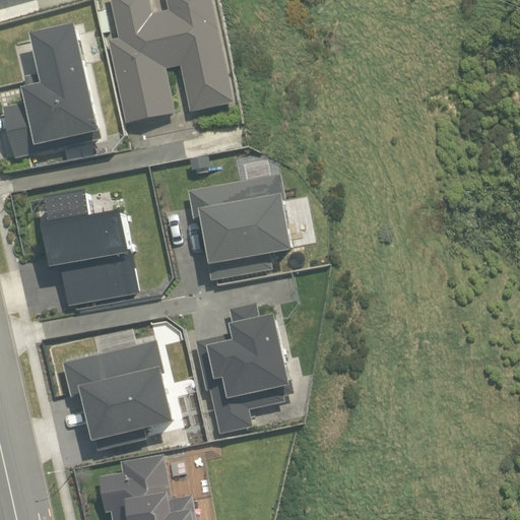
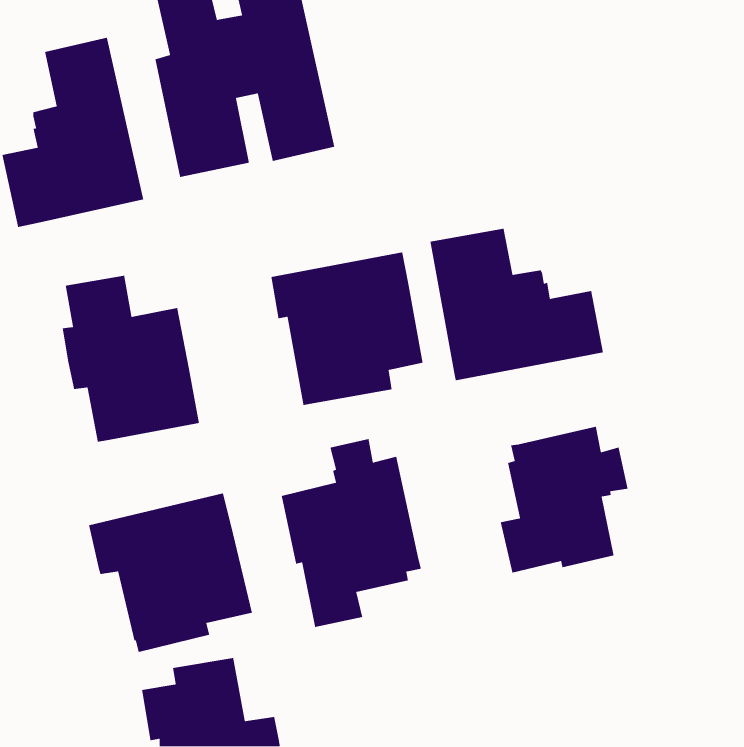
building: none -> [429,228,604,381]
building: none -> [500,426,629,574]

